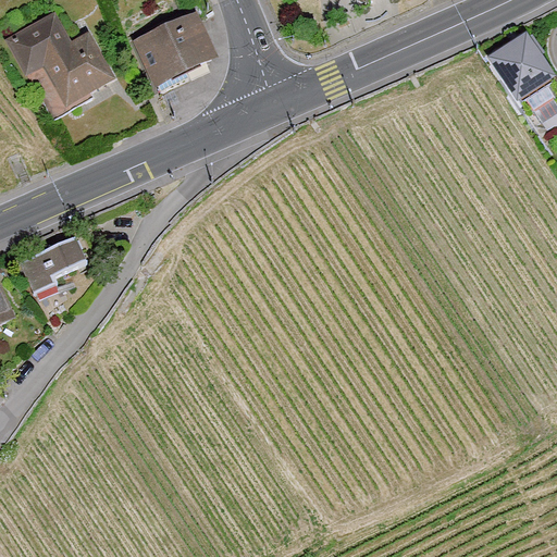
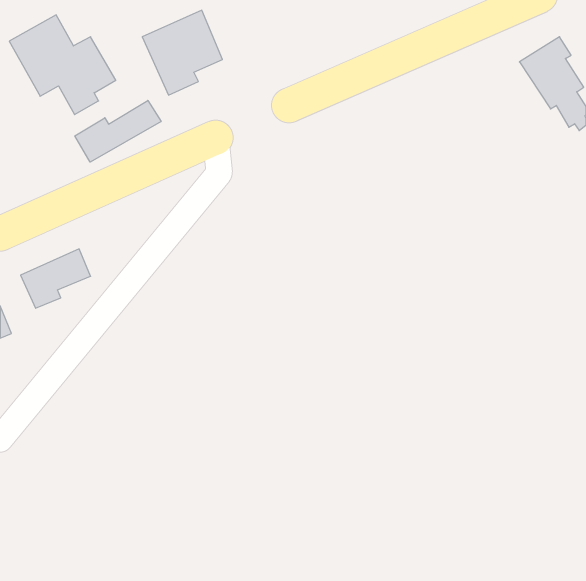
building: none -> [75,100,161,162]

